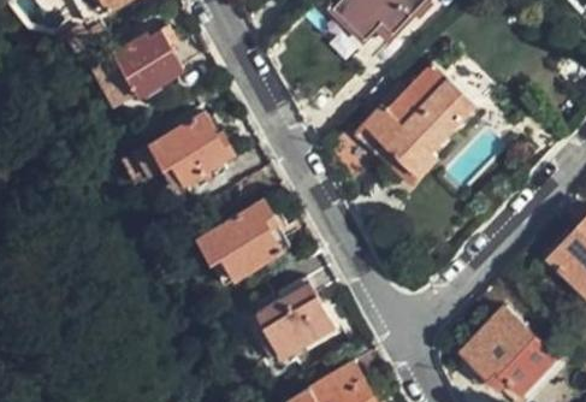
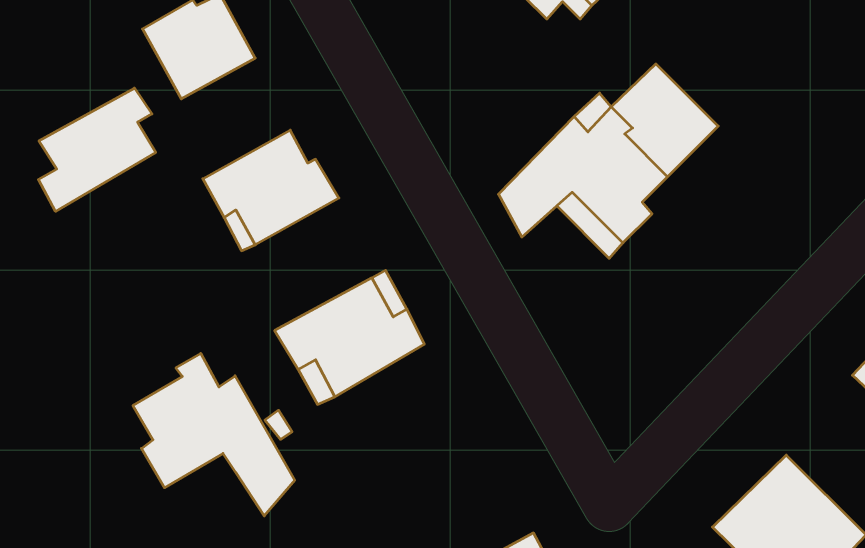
building: none -> [38,88,156,211]
building: none -> [133,353,295,516]
building: [256,277,333,356] -> none

